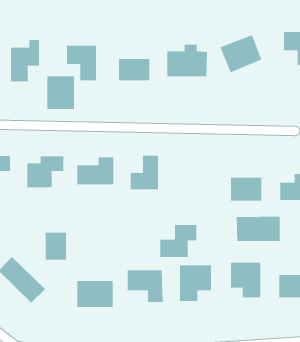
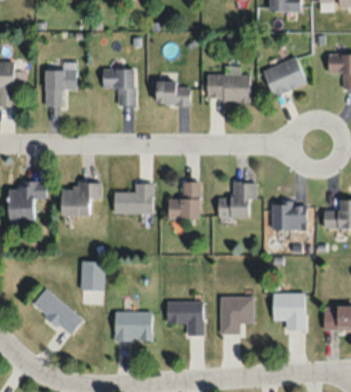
building: [47,75,74,110] -> none
building: [236,216,280,242] -> none
building: [160,225,197,257] -> [218,183,257,217]

